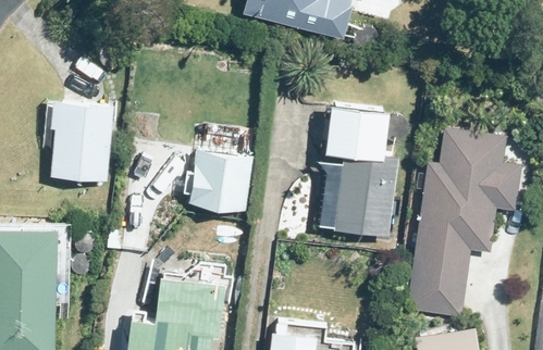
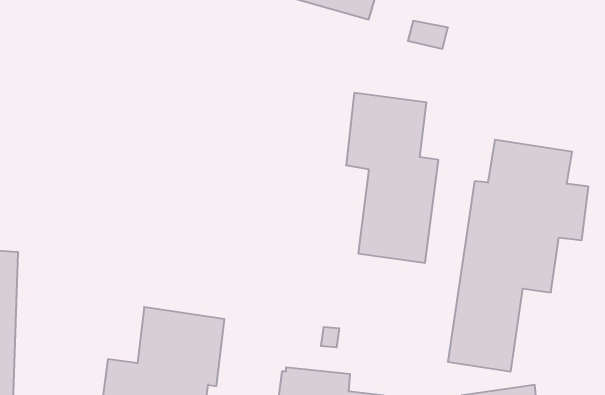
building: [49,98,114,182] -> none
building: [184,149,252,212] -> none

